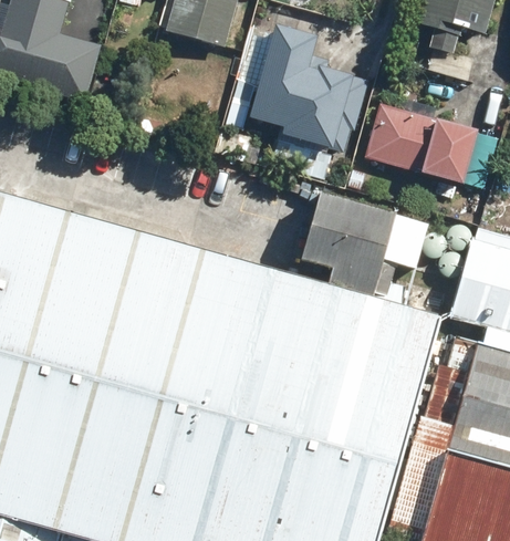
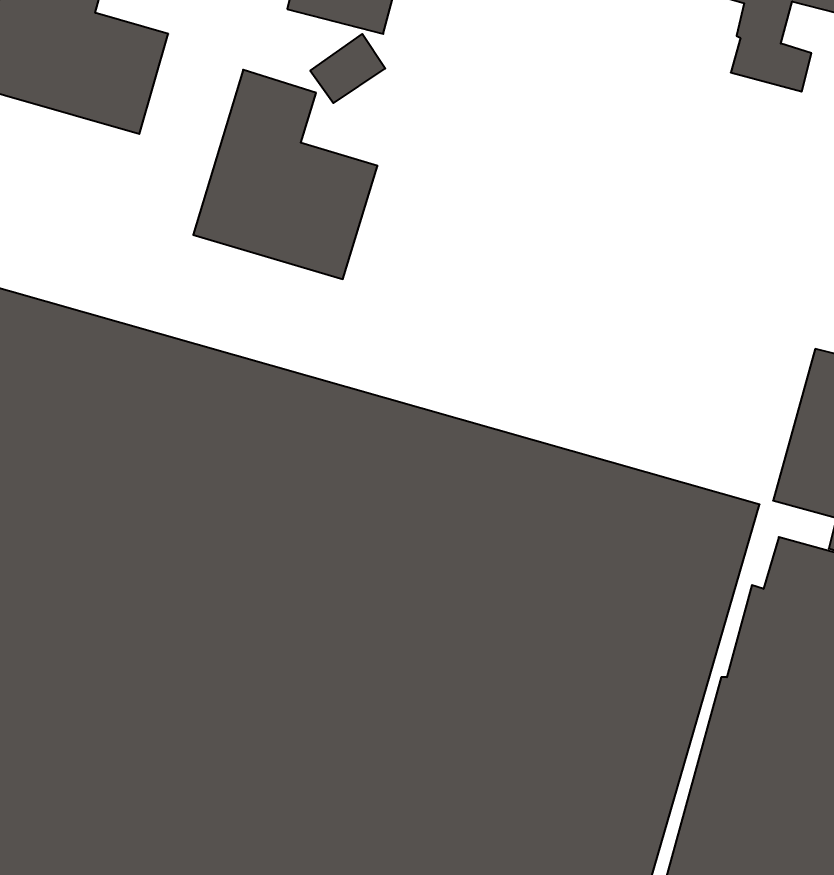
building: [244,33,351,154] -> [193,70,378,279]
building: [363,105,479,181] -> none
building: [302,194,428,295] -> none

